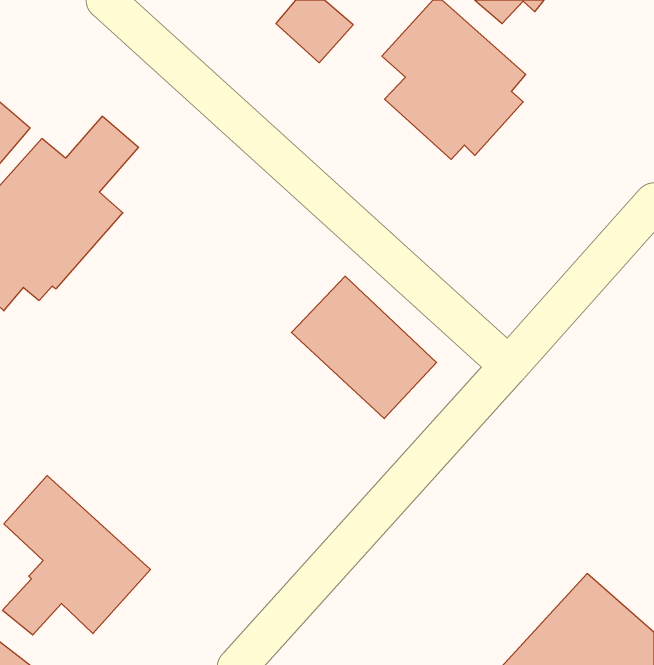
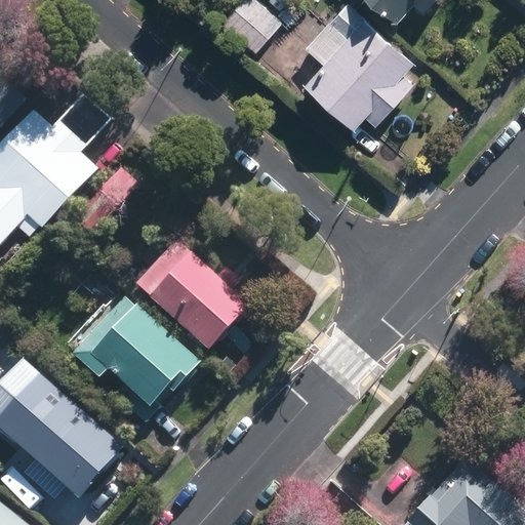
building: [291,276,437,419] -> [135,239,249,351]
building: none -> [63,294,201,427]

